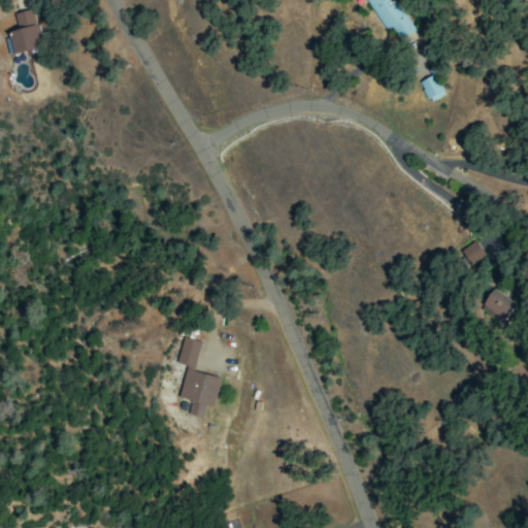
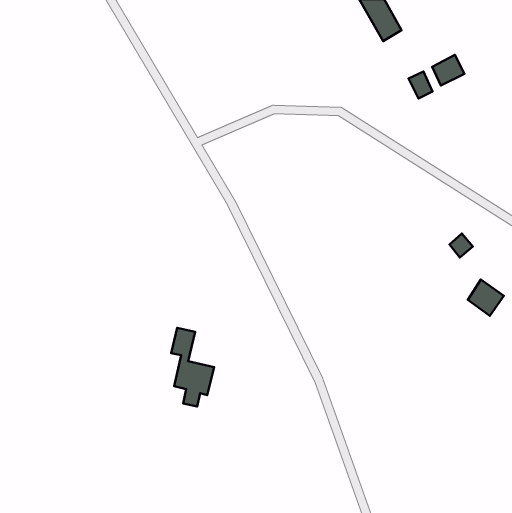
building: [10,7,46,54] -> none
building: none -> [432,55,464,86]

